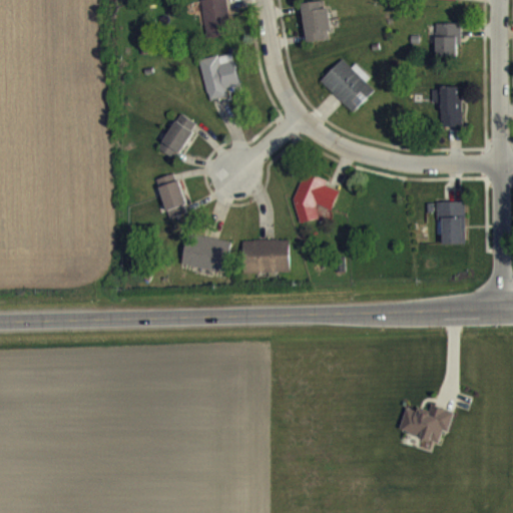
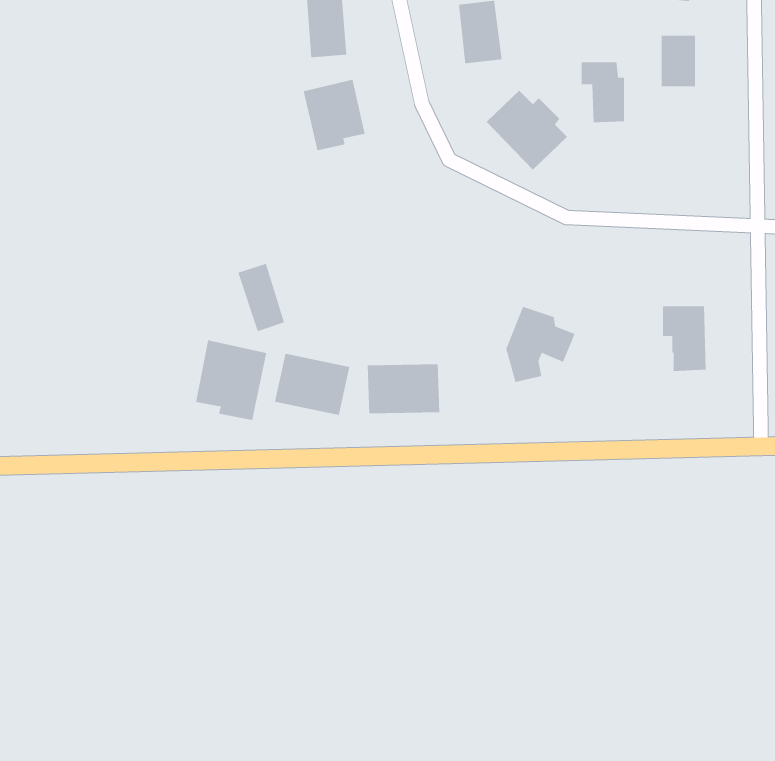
building: [432,87,461,127] -> [581,62,625,123]
building: [157,113,197,159] -> none
building: [293,172,339,222] -> [506,306,576,382]
building: none -> [195,340,267,421]
building: [398,405,452,443] -> none

